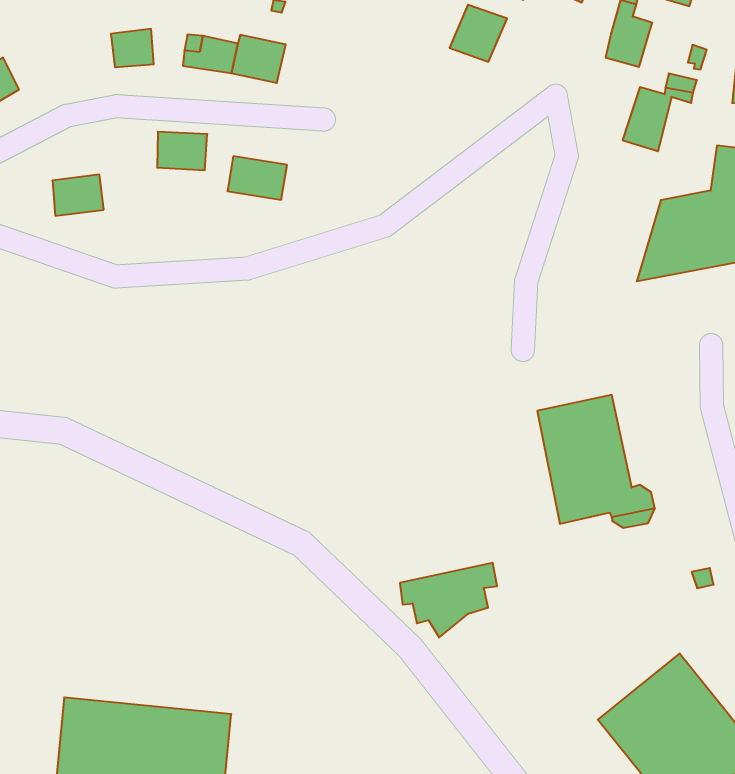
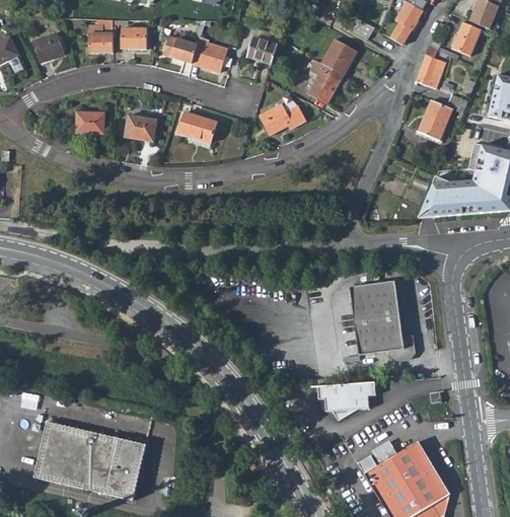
building: none -> [248,35,279,62]
building: none -> [89,20,114,52]
building: none -> [309,58,346,101]
building: none -> [261,101,308,134]
building: [157,132,207,170] -> [122,121,154,147]
building: [400,563,497,638] -> [318,380,376,421]

